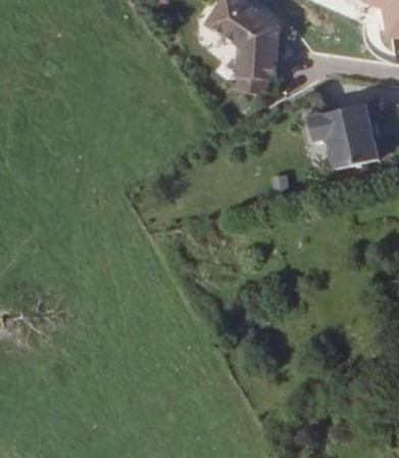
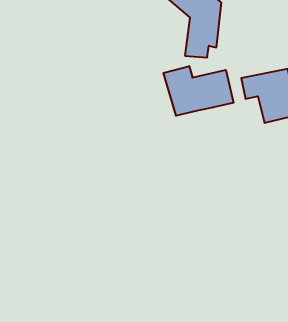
building: none -> [163,66,234,116]

